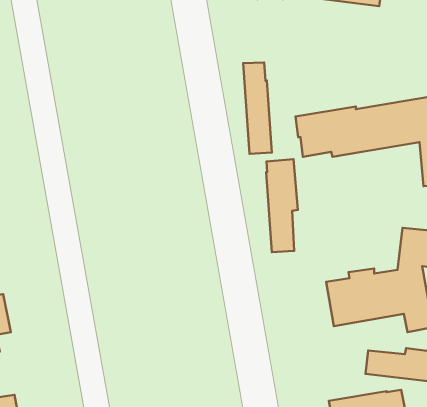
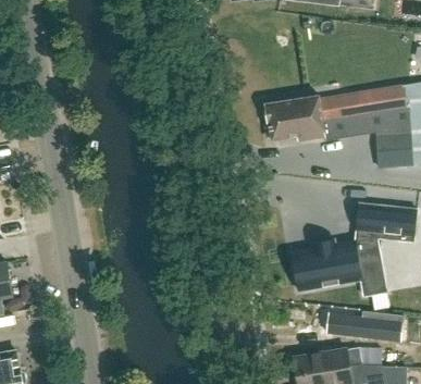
building: [243,62,272,154] -> none
building: [266,159,298,252] -> none

